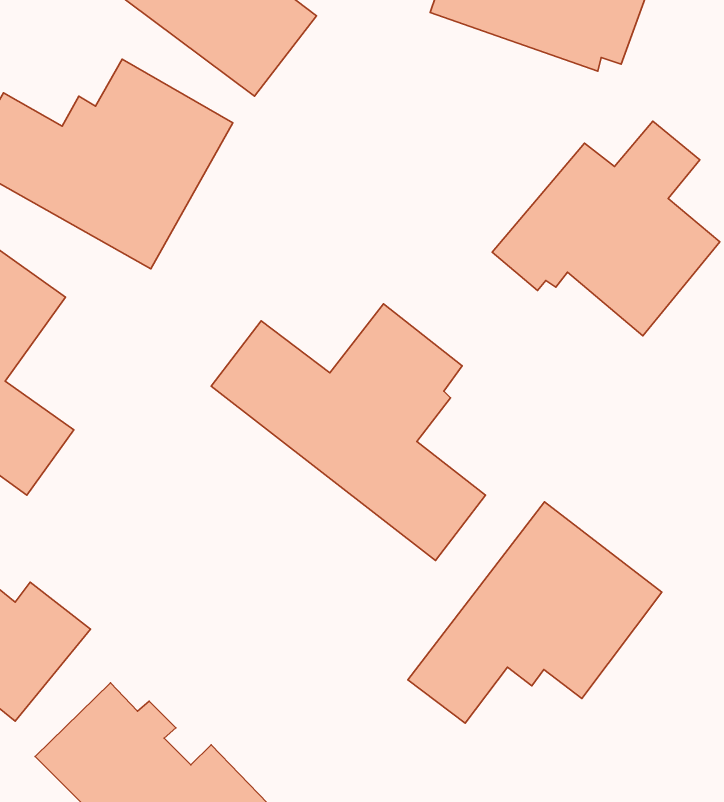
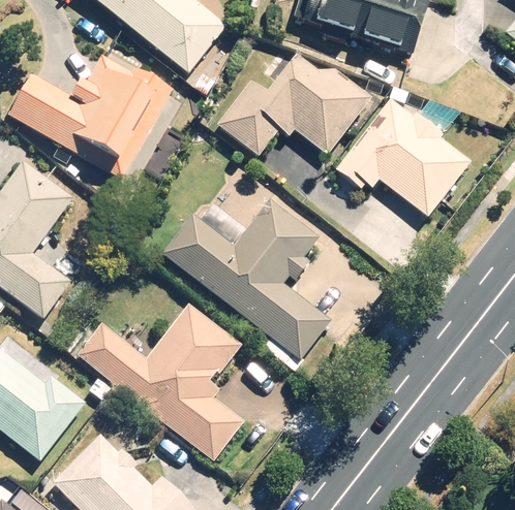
building: none -> [213,41,374,160]
building: none -> [77,305,245,461]
building: [408,502,662,723] -> none

